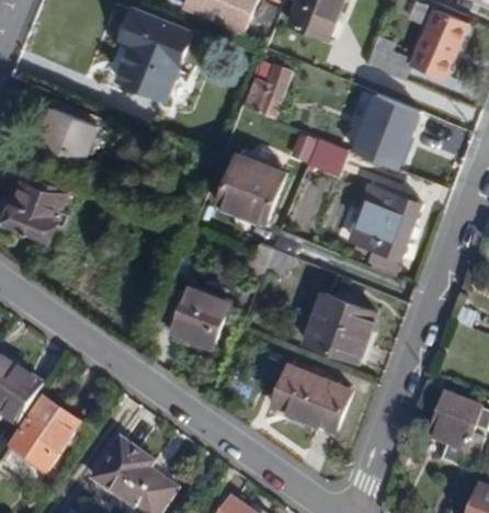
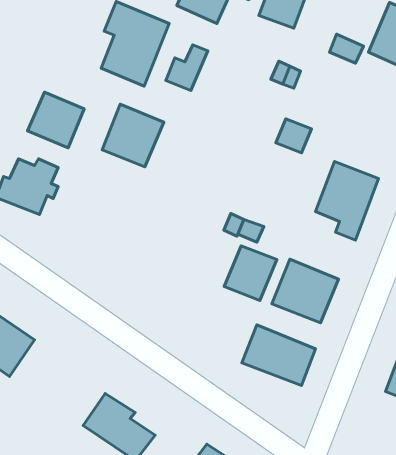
building: [244,65,291,115] -> [166,45,208,91]
building: [345,88,420,164] -> none
building: [217,153,285,223] -> [102,104,164,167]
building: [171,285,229,345] -> [224,246,277,300]
building: [10,397,79,468] -> none

